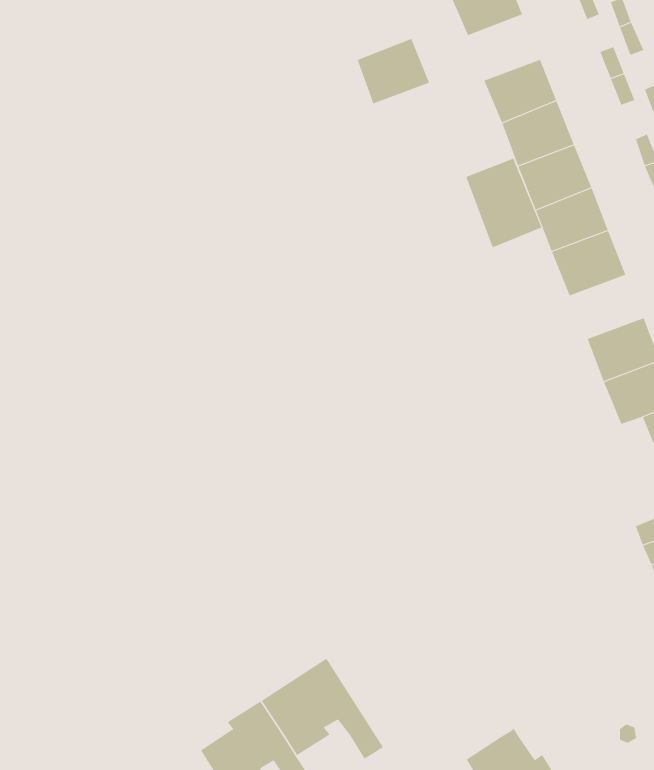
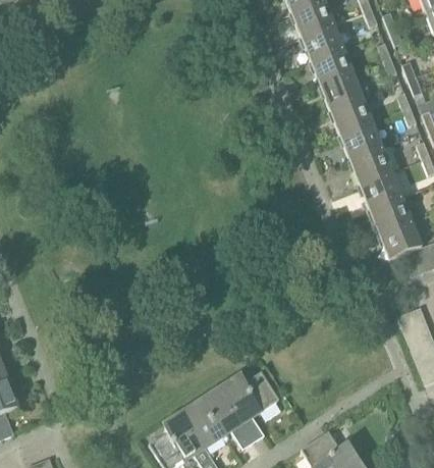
building: [357,38,430,104] -> [302,22,343,60]
building: [466,158,542,248] -> none
building: none -> [360,171,402,208]
building: none -> [221,371,279,441]

